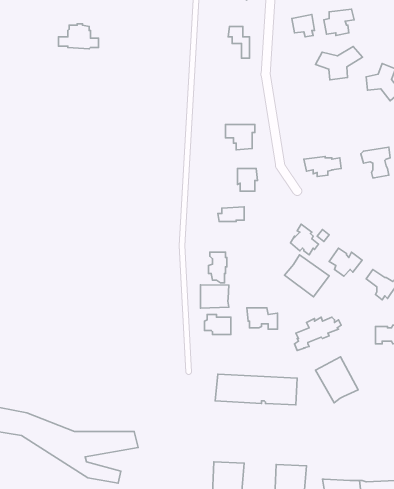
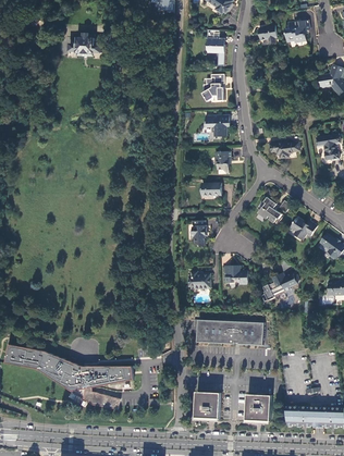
building: [316,47,362,80] -> none
building: none -> [201,74,224,100]
building: [285,255,329,297] -> none
building: [201,285,229,308] -> none
building: [316,357,358,403] -> none

